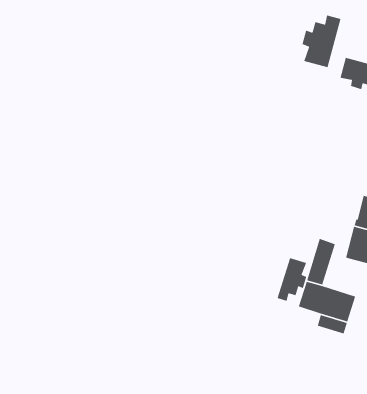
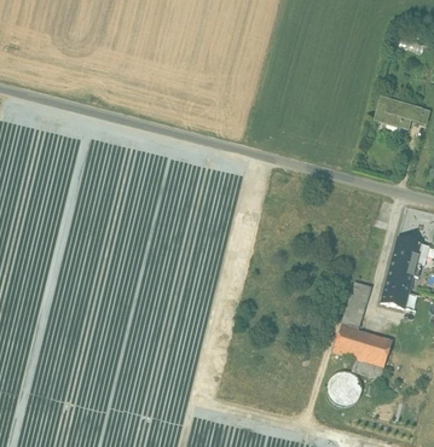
building: [302,14,342,68] -> none
building: [277,257,307,302] -> none

